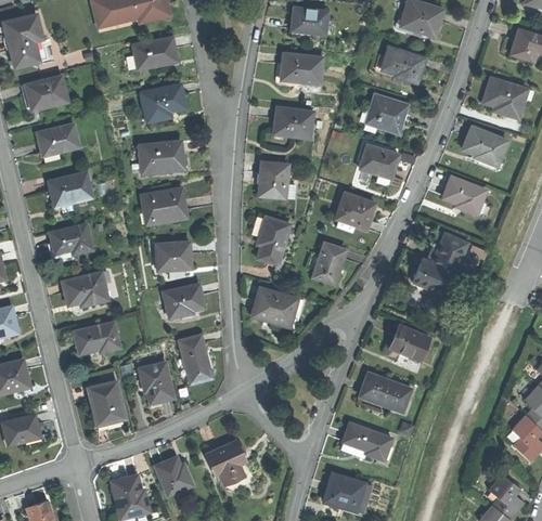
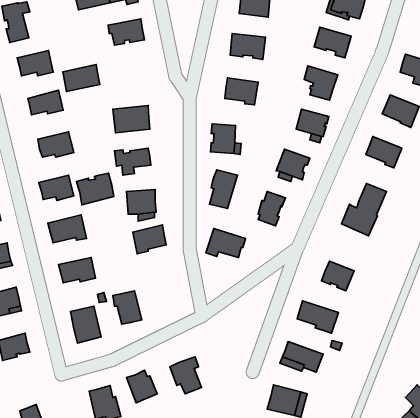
building: [141,82,185,115] -> [63,65,100,92]
building: none -> [77,173,114,205]
building: [179,334,210,382] -> none

